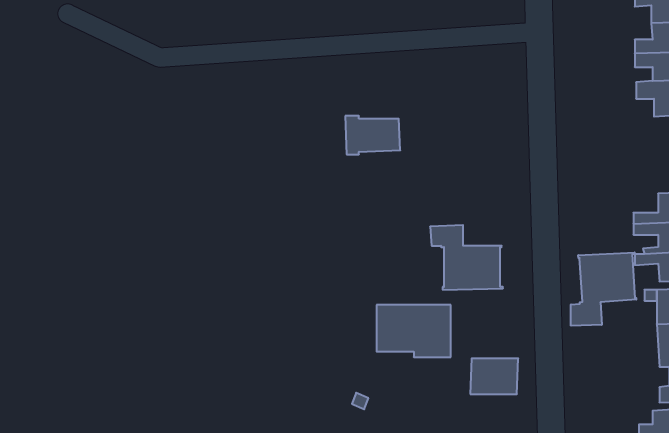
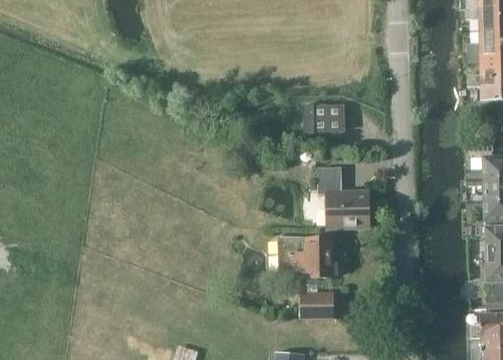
building: [345,116,400,154] -> [305,105,345,133]
building: [571,252,636,326] -> none
building: [470,358,518,394] -> [298,293,333,319]

